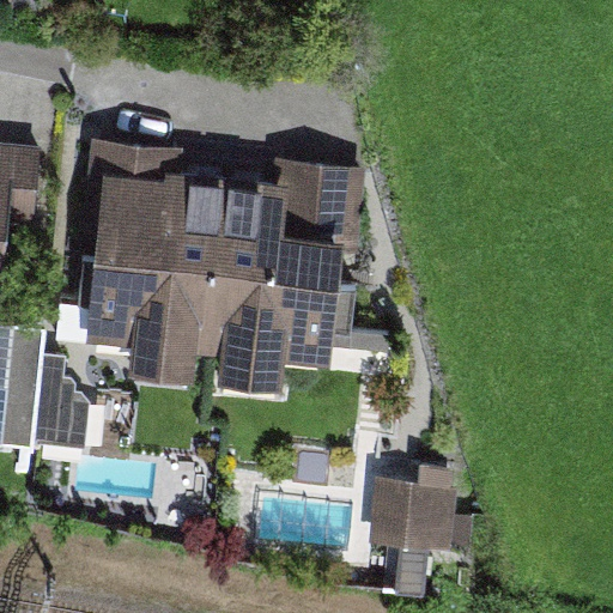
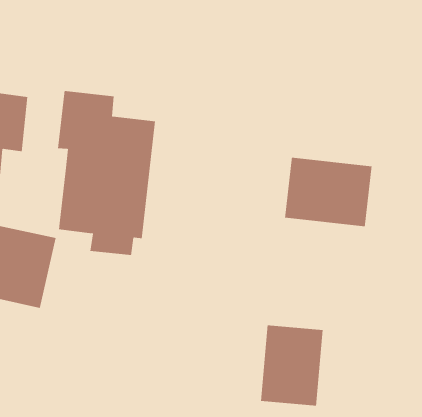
building: [206,160,365,388] -> none
building: none -> [285,157,372,227]

